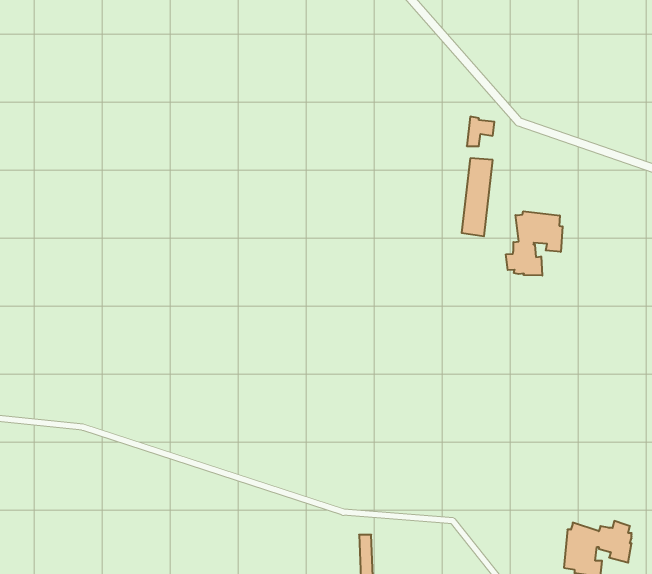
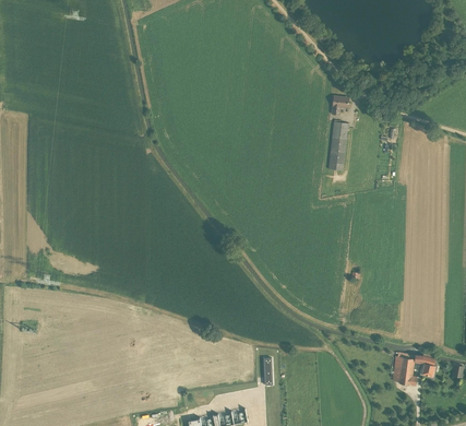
building: [506,211,563,276] -> none

